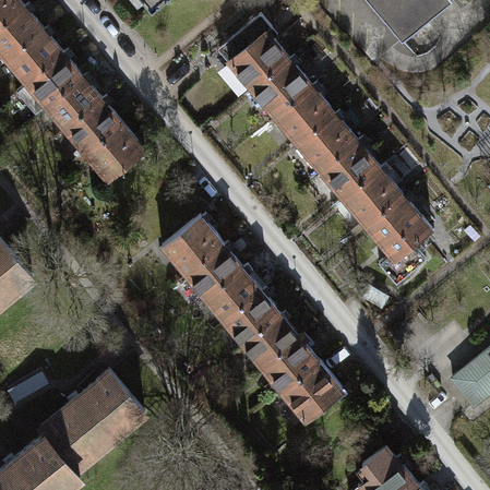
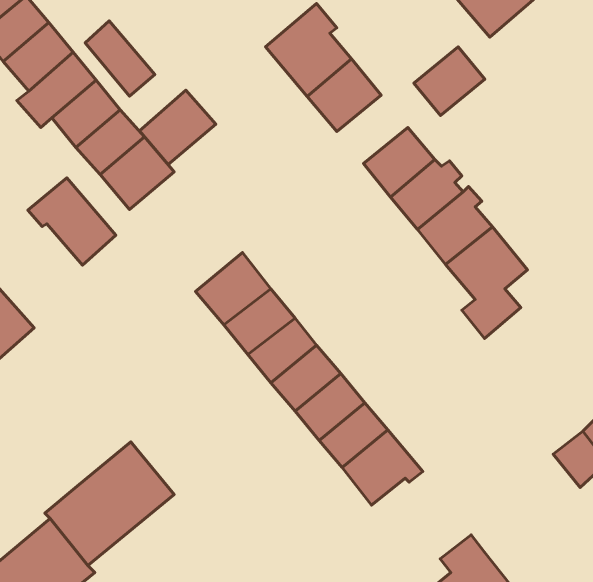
building: none -> [85,21,155,96]
building: none -> [140,90,216,165]
building: [277,88,335,144] -> [414,47,485,115]
building: none -> [28,178,116,265]

